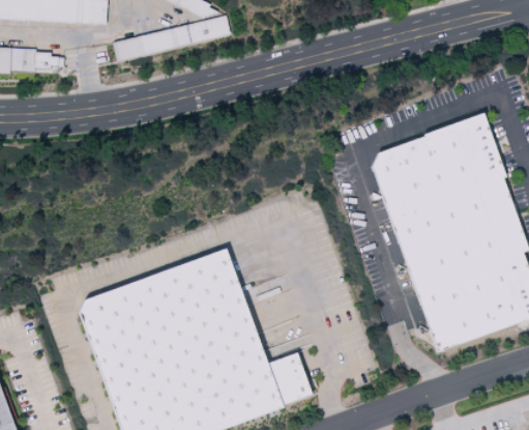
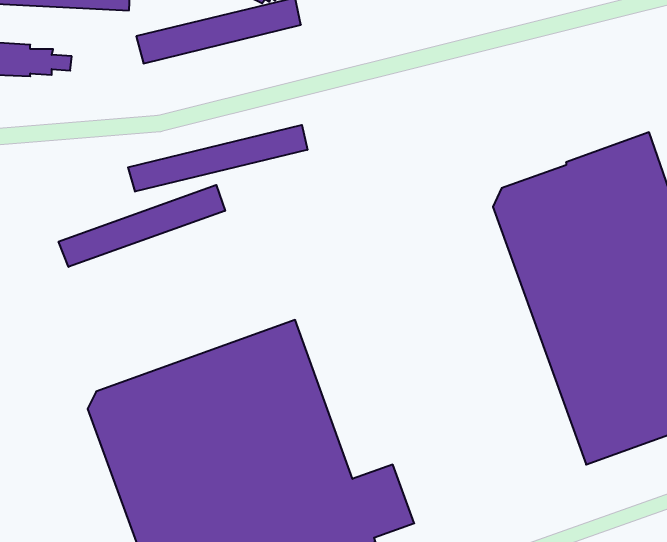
building: none -> [128,125,307,192]
building: none -> [59,185,225,267]

